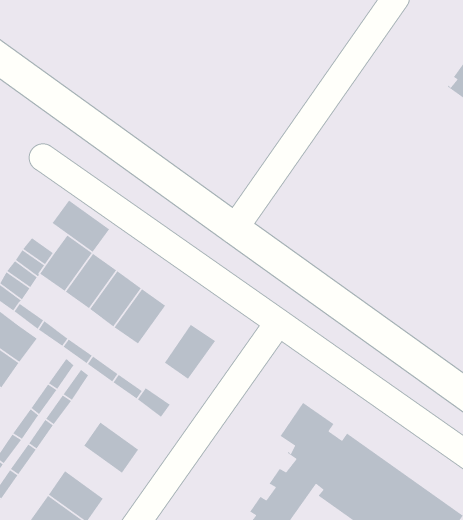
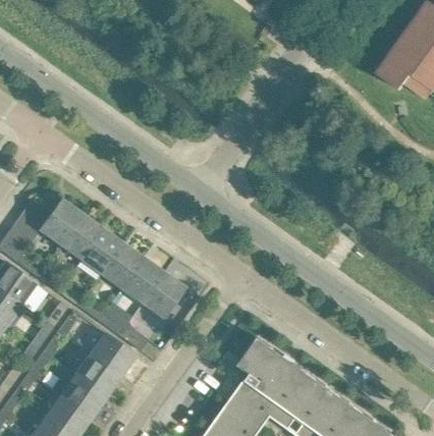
building: [52,199,110,253] -> none
building: none -> [120,257,164,305]
building: none -> [89,332,137,377]
building: none -> [59,374,107,418]

